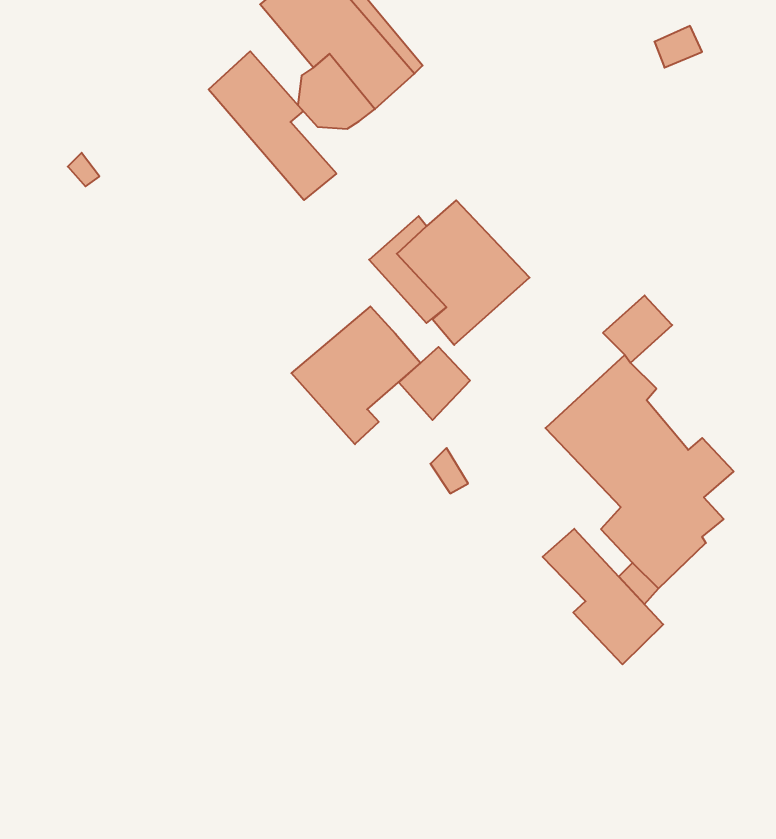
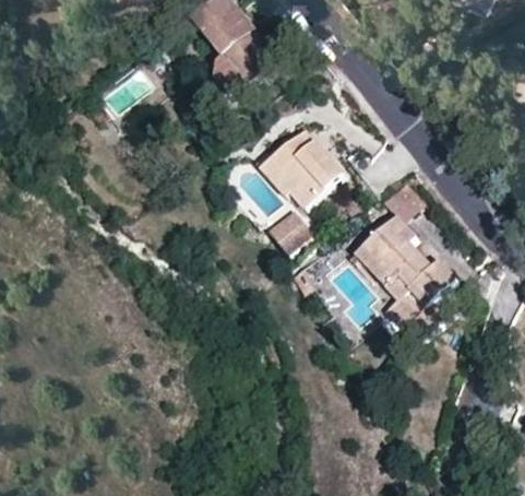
building: [209,51,336,200] -> none
building: [291,306,421,444] -> none
building: [543,529,663,664] -> none

